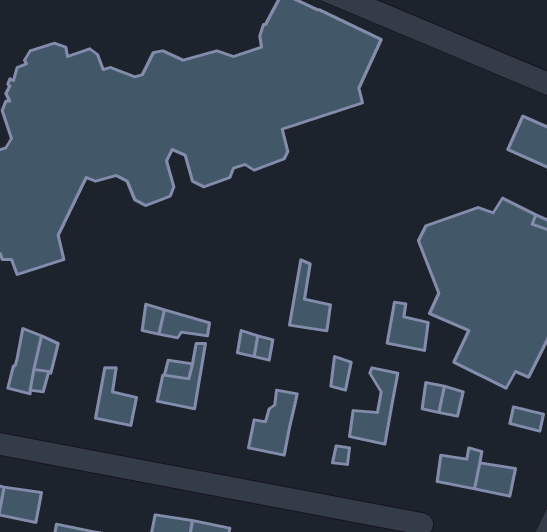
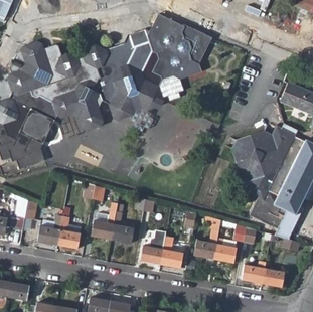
building: [290,260,331,331] -> [112,204,134,243]
building: [387,302,428,351] -> [214,237,237,263]
building: none -> [38,215,63,245]
building: none -> [160,237,183,268]

